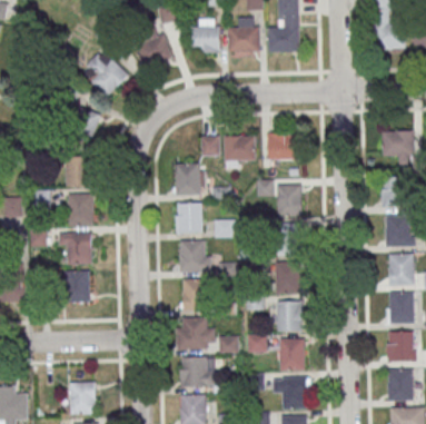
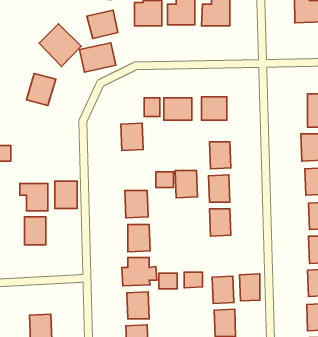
building: none -> [80,43,116,72]
building: [66,156,88,186] -> none
building: [68,194,93,225] -> [55,181,77,208]
building: [178,203,204,234] -> [175,171,198,198]
building: [277,300,300,332] -> [239,274,260,301]

